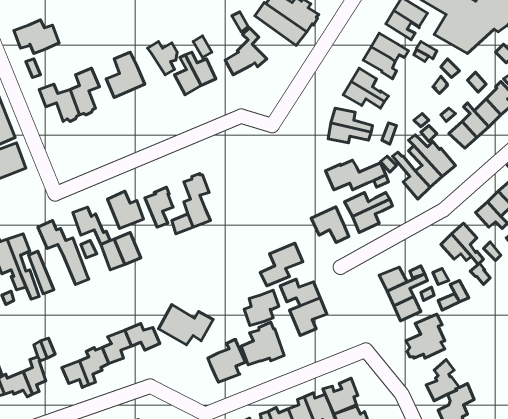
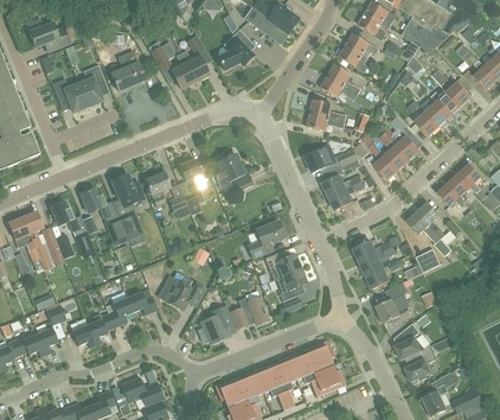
building: none -> [214,153,252,191]
building: [311,207,349,243] -> none
building: [244,290,279,325] -> none

